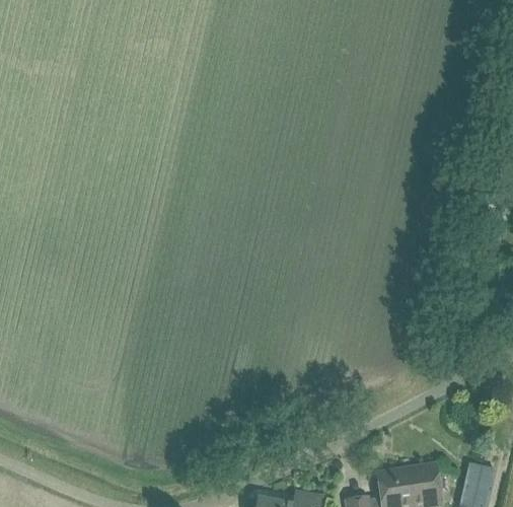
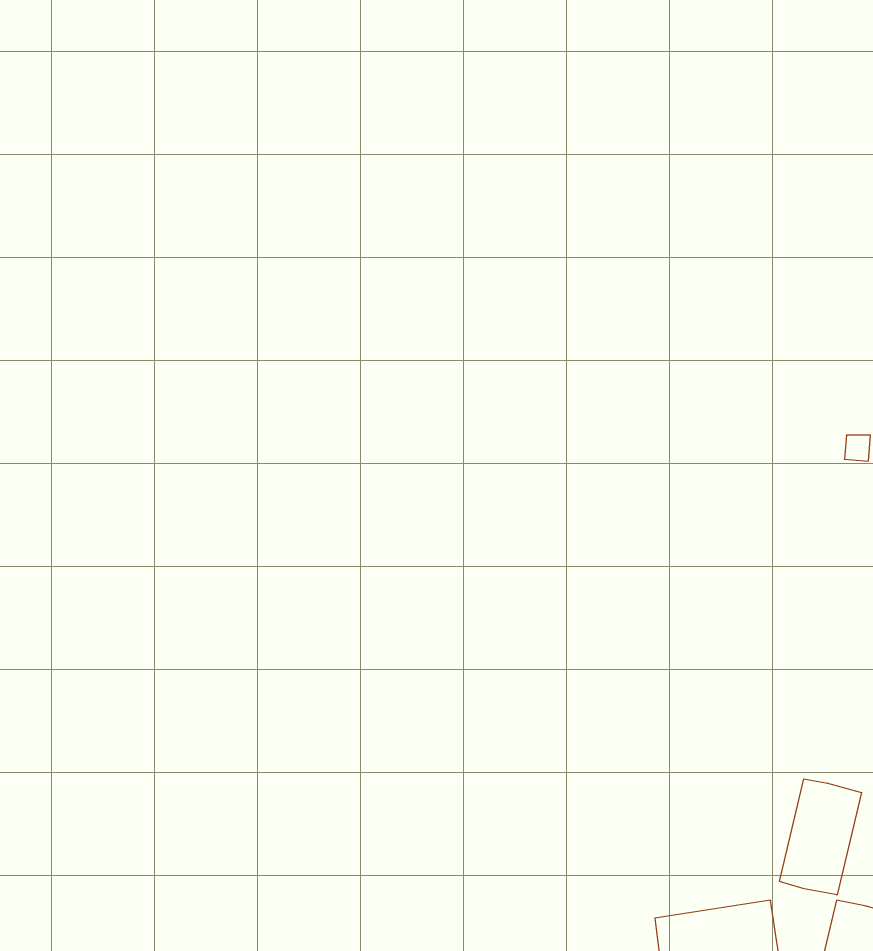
building: none -> [779,779,861,895]

